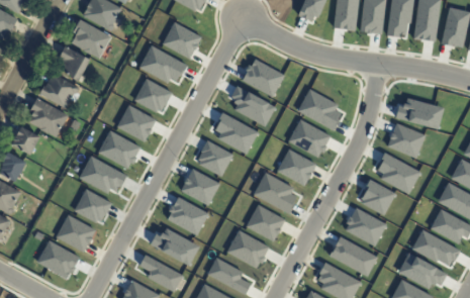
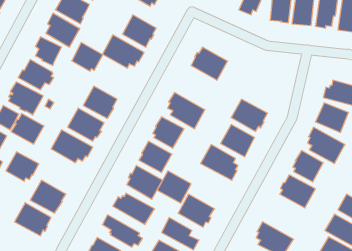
building: [134,79,171,112] -> [72,43,103,71]
building: [230,85,275,126] -> none
building: [297,88,341,130] -> none
building: none -> [11,113,44,144]
building: [74,188,112,222] -> [6,152,39,181]
building: [246,204,285,241] -> [157,171,191,203]
building: [328,235,377,276] -> none

